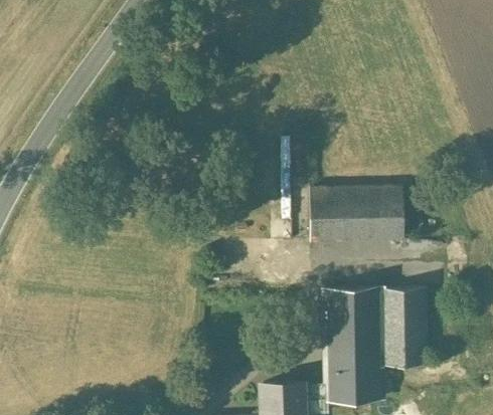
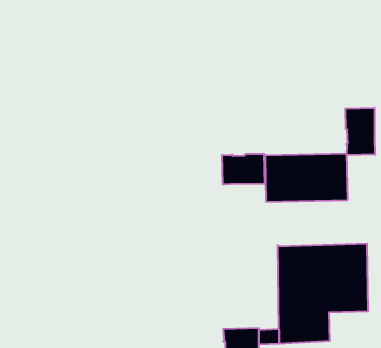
building: none -> [346,108,375,155]
building: none -> [222,154,265,184]

